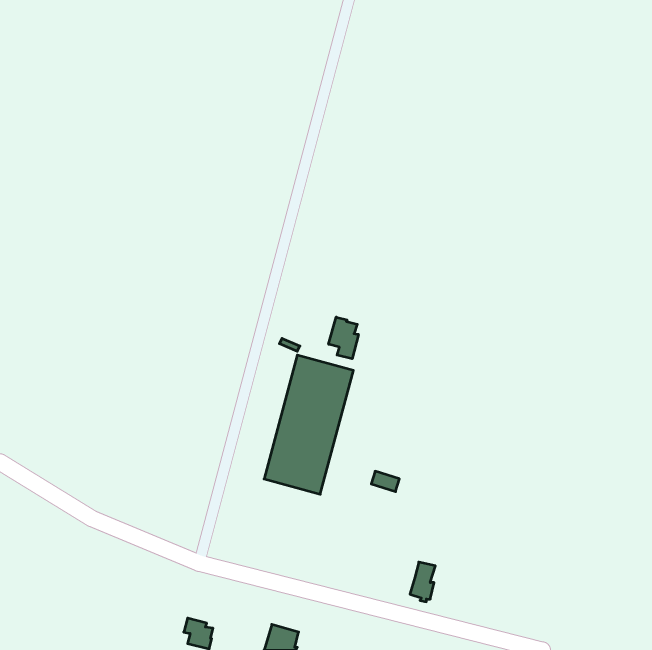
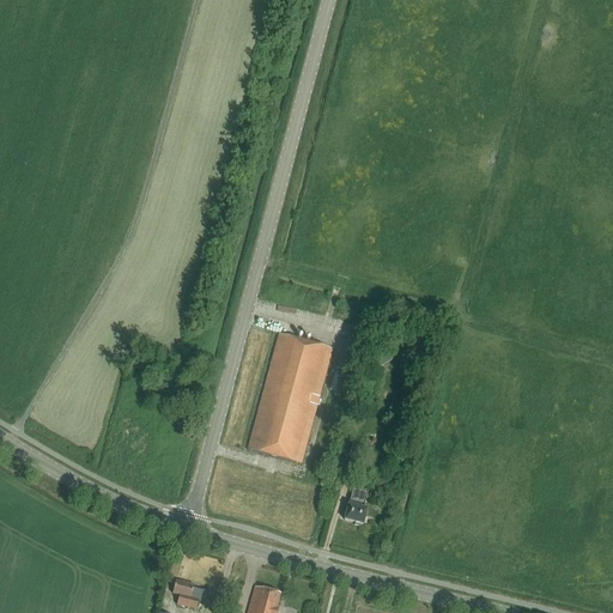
building: [329,317,358,359] -> none
building: [410,562,435,602] -> [344,488,368,526]

